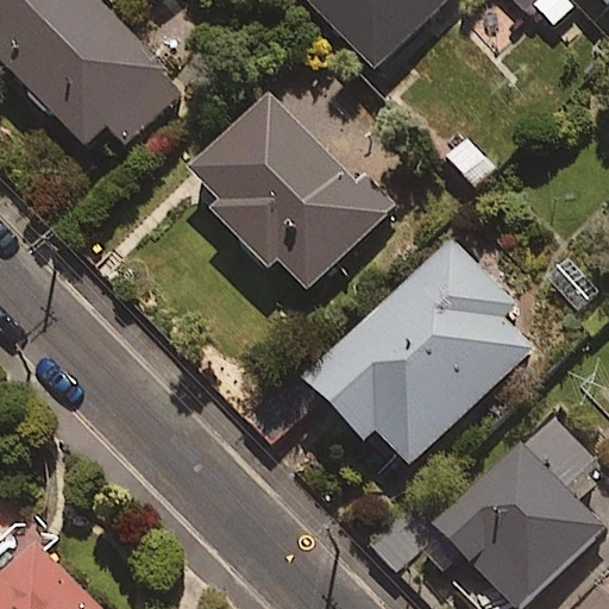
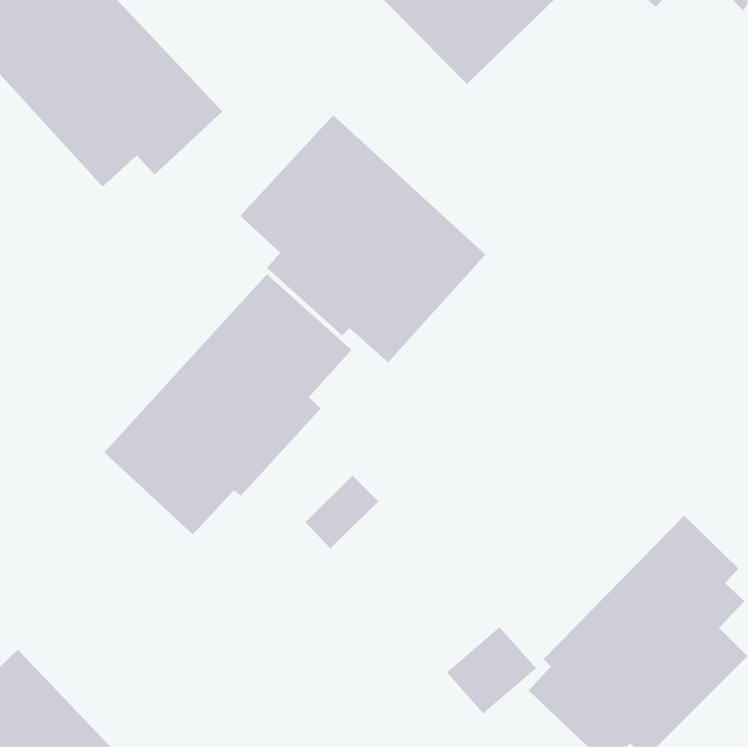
building: none -> [104,274,352,535]
building: [307,237,532,466] -> none

